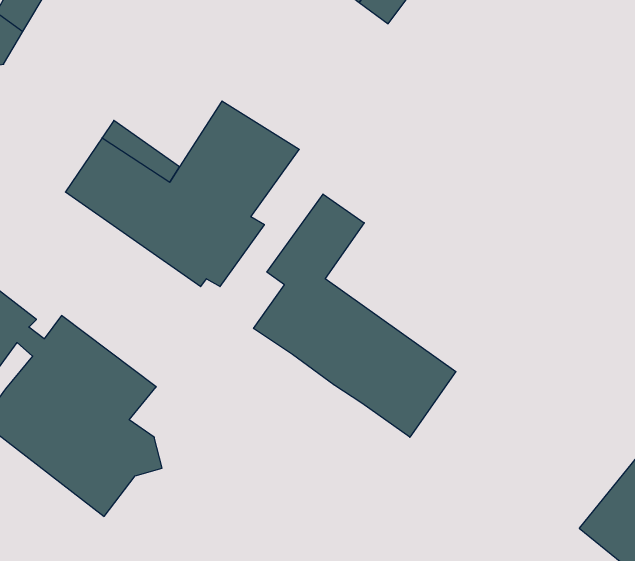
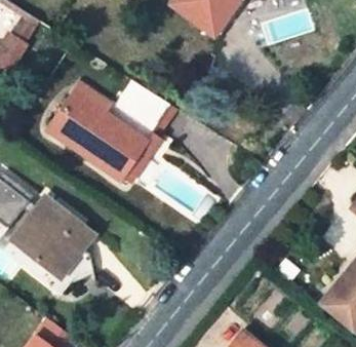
building: [254,194,456,437] -> none

